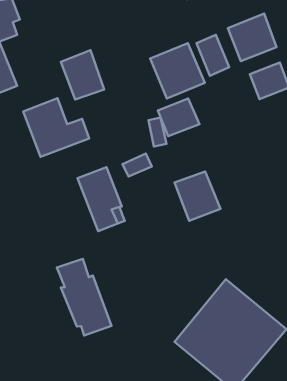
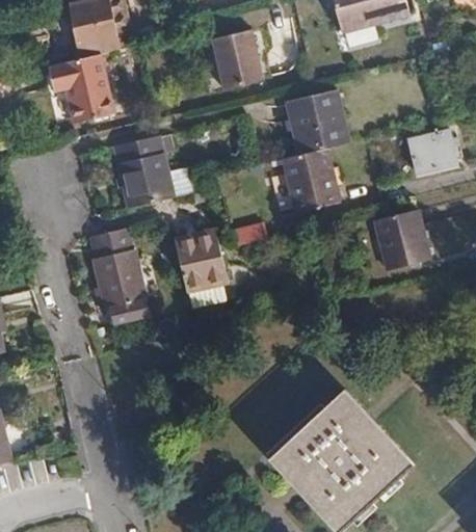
building: [228,13,277,61] -> none
building: [196,35,229,76] -> none
building: [61,50,104,99] -> [213,30,263,89]
building: [174,171,220,221] -> [374,210,427,269]
building: [57,259,112,336] -> [91,225,150,322]

